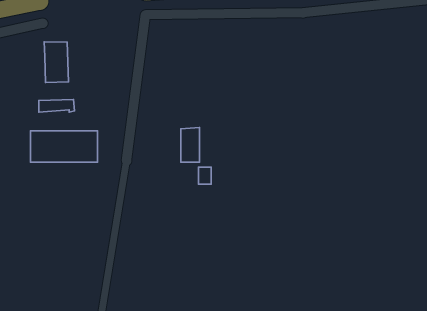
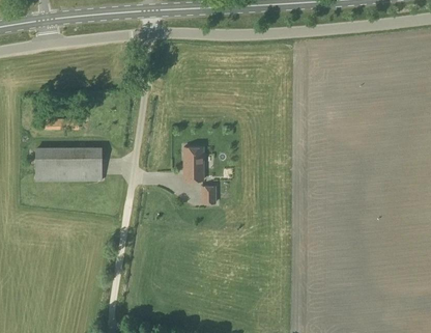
building: [44,42,68,82] -> none

